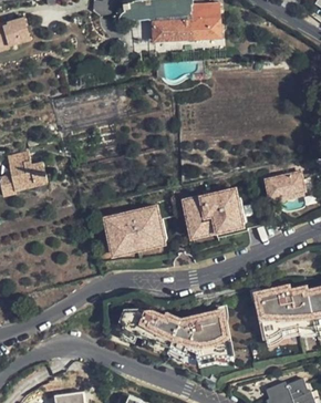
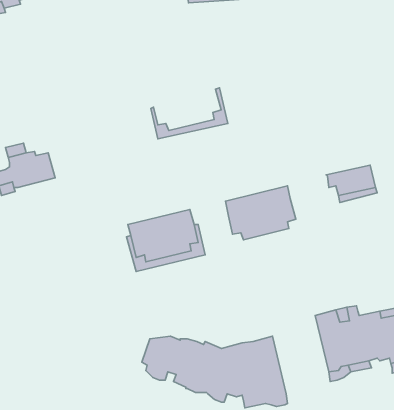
building: [184,197,246,238] -> [151,88,228,139]

